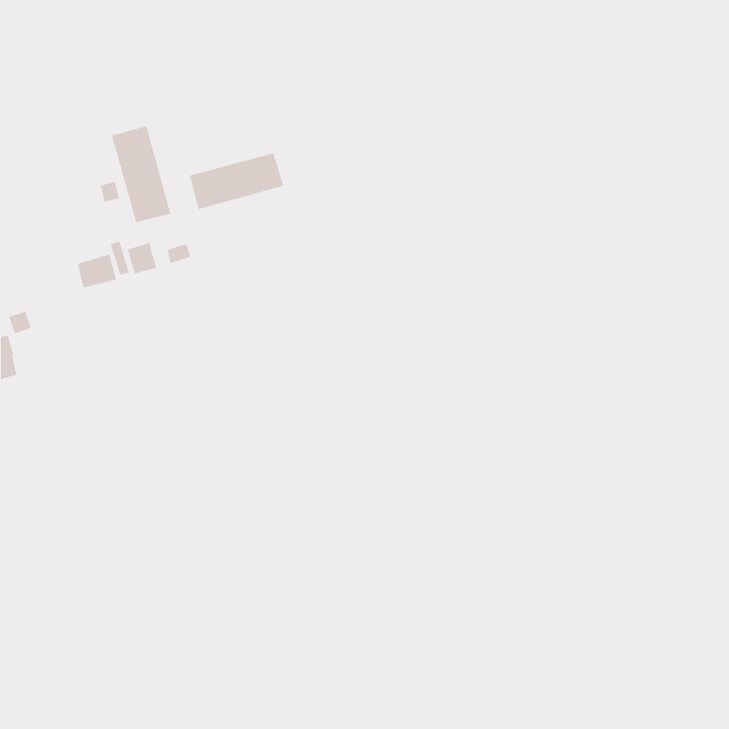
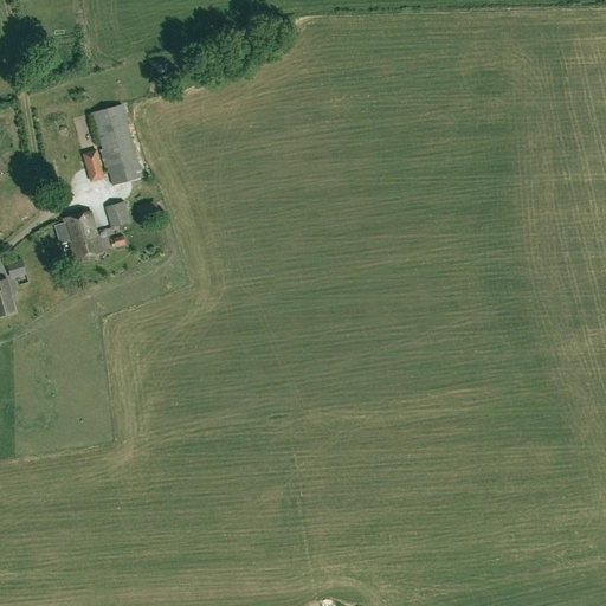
building: [189,152,284,210] -> none
building: none -> [69,232,103,260]

